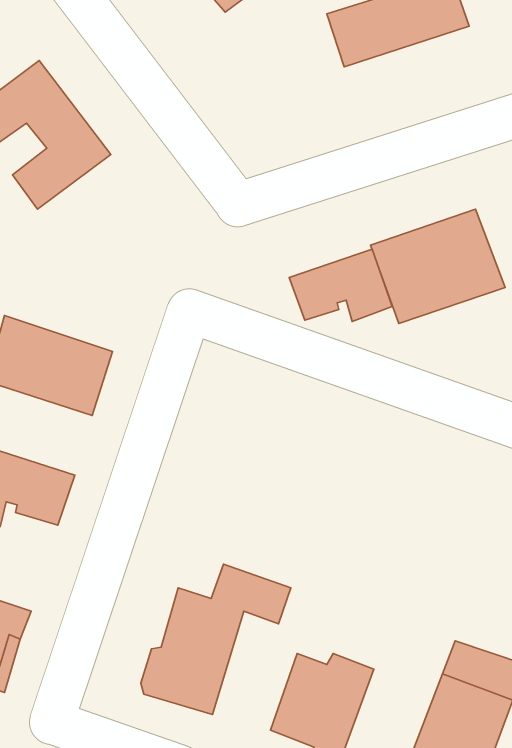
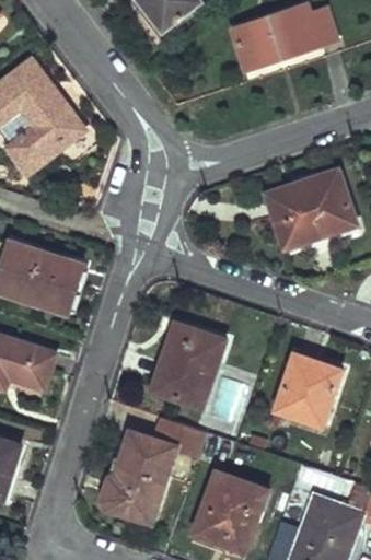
building: [289,249,392,321] -> none
building: none -> [155,323,223,405]
building: none -> [275,354,339,425]

